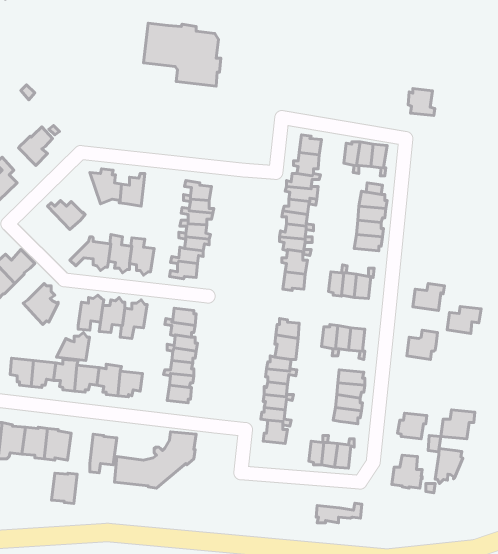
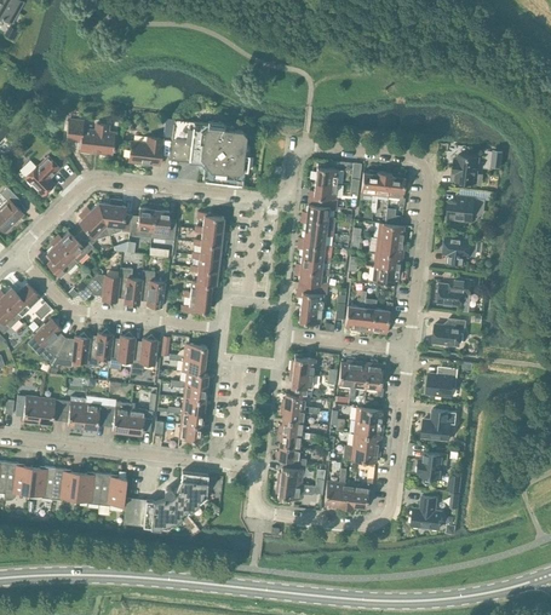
building: [144,23,221,86] -> [168,120,248,185]
building: [408,88,435,115] -> [453,156,481,184]
building: none -> [67,121,115,155]
building: none -> [128,138,162,166]
building: none -> [447,196,484,222]
building: none -> [78,203,109,246]
building: none -> [151,205,176,241]
building: none -> [443,236,471,265]
building: none -> [47,238,78,278]
building: [447,307,481,333] -> [437,278,472,306]
building: [57,333,89,361] -> [56,333,90,362]
building: [441,410,475,439] -> [421,410,457,441]
building: [435,449,463,483] -> none
building: [51,473,77,504] -> [75,473,102,505]
building: [316,503,362,523] -> [276,479,323,500]

